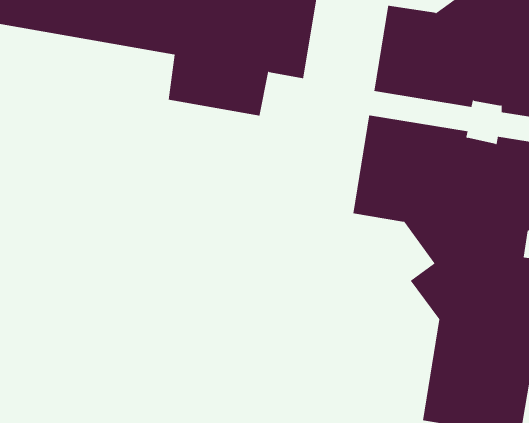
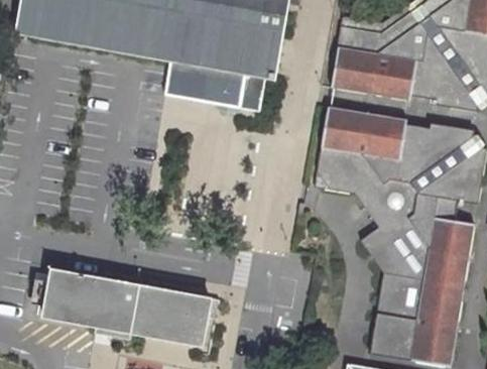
building: none -> [43,269,211,345]

